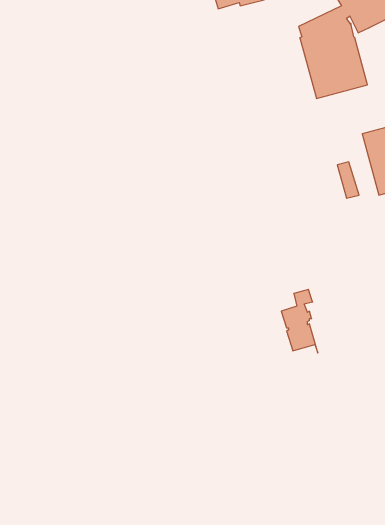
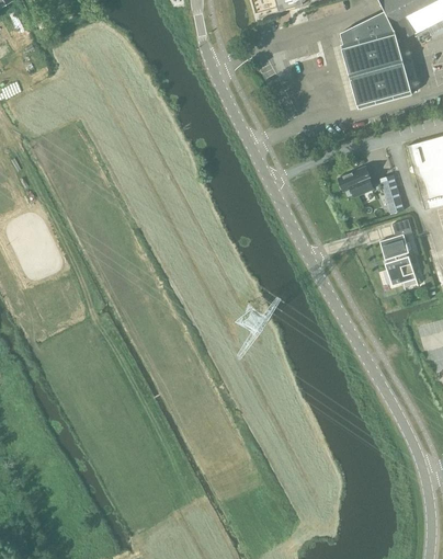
building: none -> [339,166,374,196]
building: [281,289,318,353] -> [380,218,419,285]

